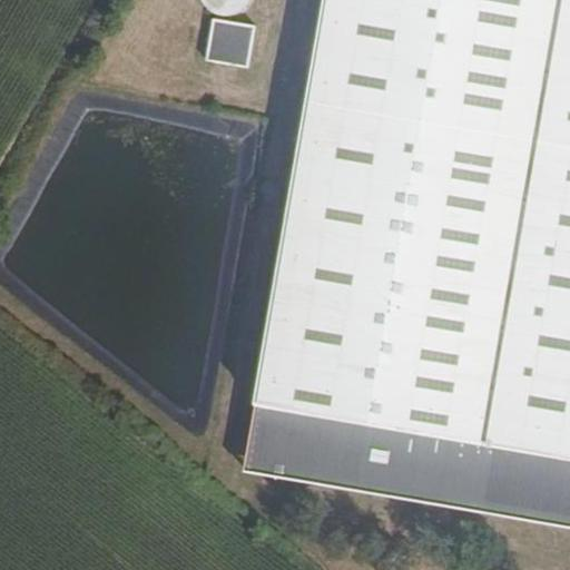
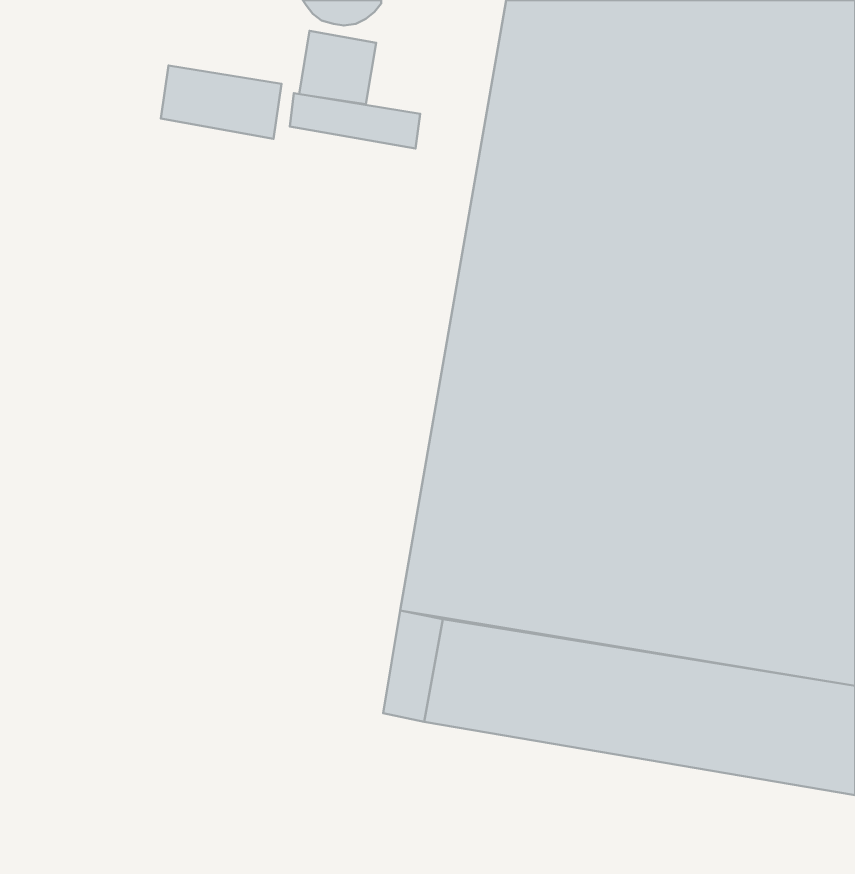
building: none -> [161,65,281,139]
building: none -> [290,93,420,148]

